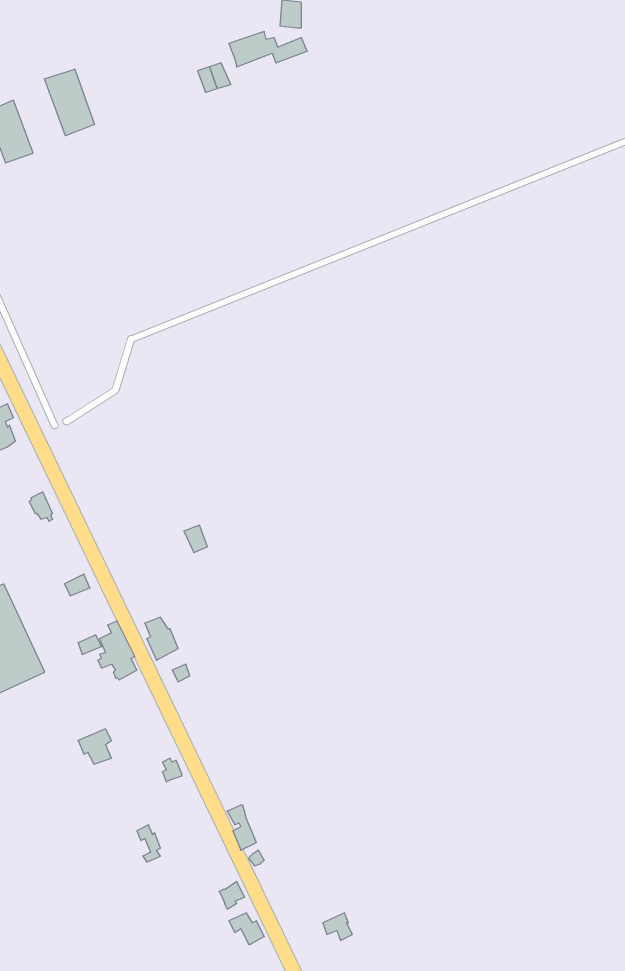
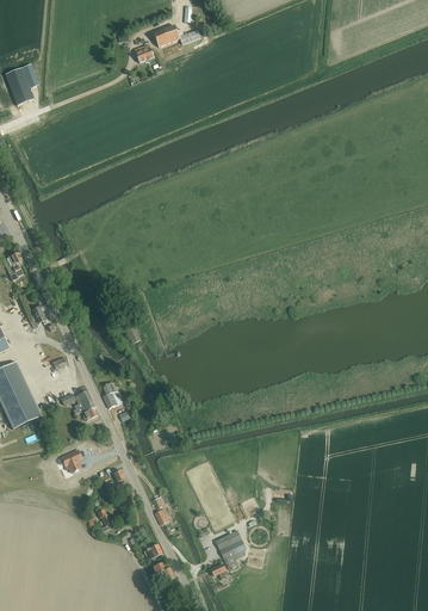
building: [44,69,94,136] -> none
building: none -> [215,530,246,568]

